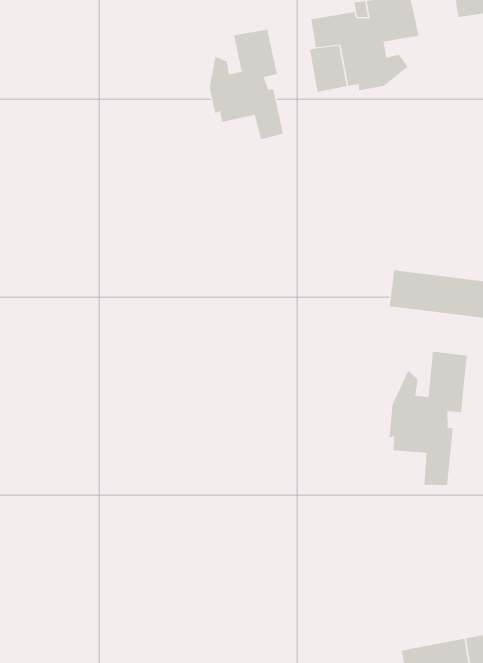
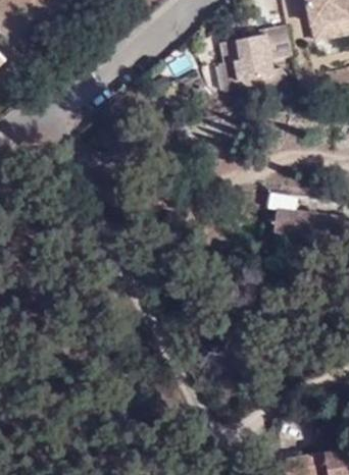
building: [209,29,284,140] -> none
building: [389,351,467,486] -> none

